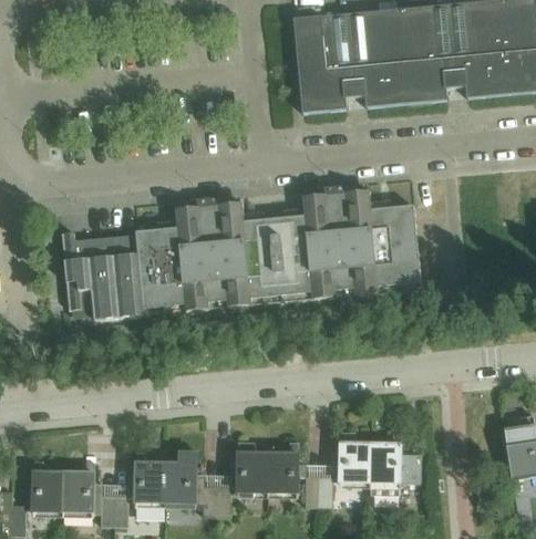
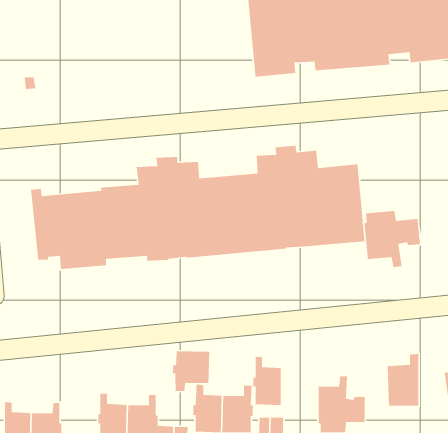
building: none -> [364,210,421,268]
building: none -> [172,351,210,392]
building: none -> [387,353,419,406]
building: [339,431,370,484] -> [253,356,282,406]

